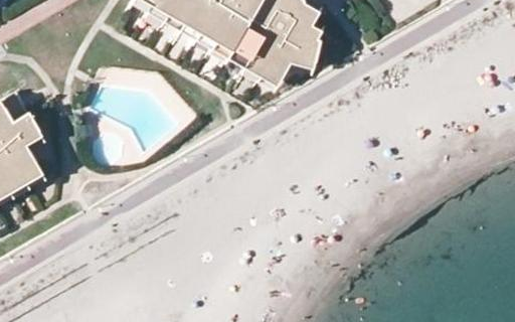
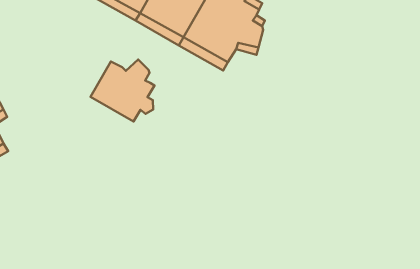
building: none -> [91,60,154,122]

